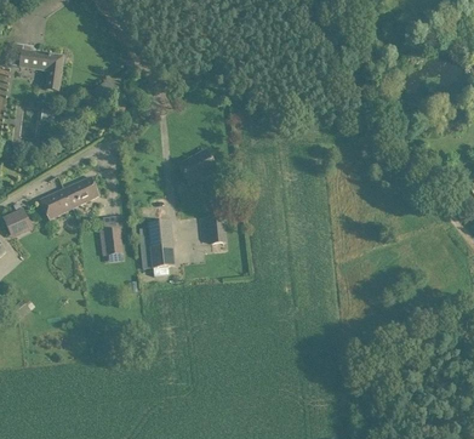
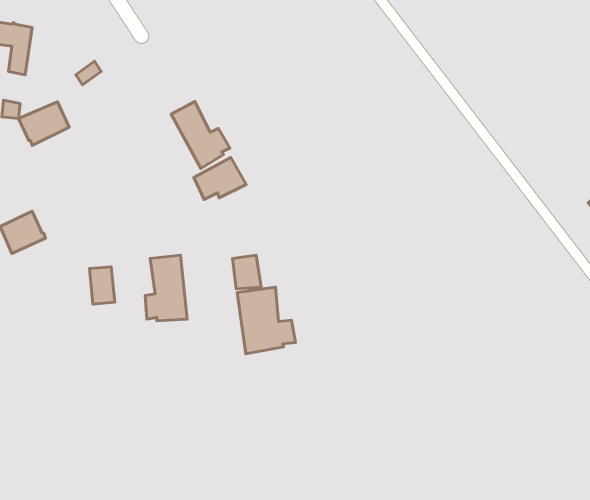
building: none -> [171,102,230,168]
building: [63,176,99,207] -> [19,102,69,146]
building: none -> [237,287,296,354]

